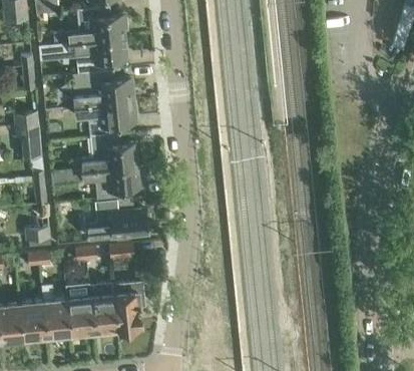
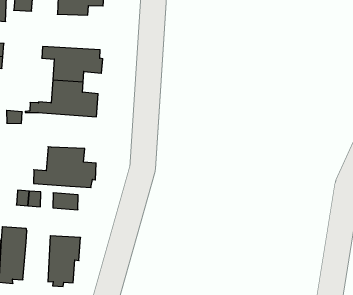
building: [74,70,132,107] -> none
building: [81,165,141,202] -> none
building: [89,282,117,335] -> none

